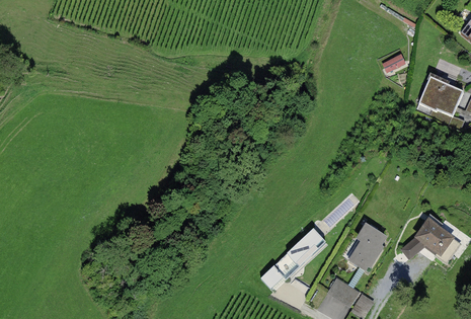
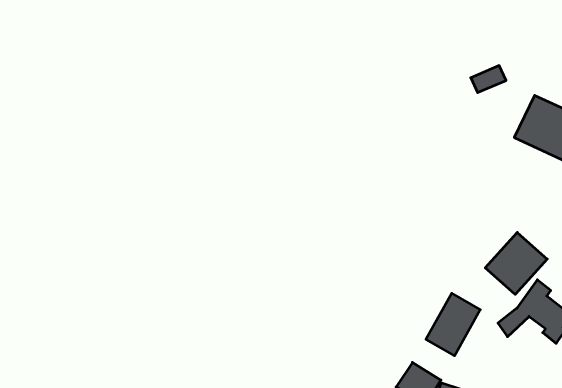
building: none -> [485,232,547,294]
building: [261,228,326,289] -> none

